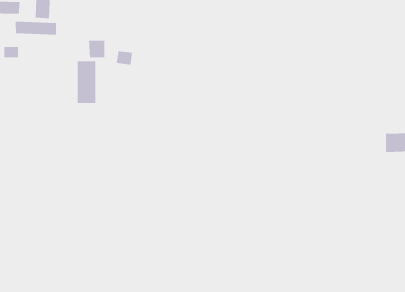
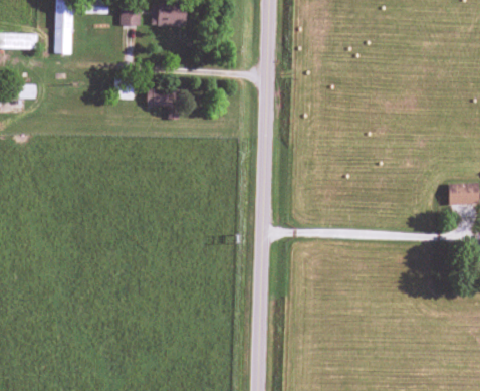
building: [15,21,57,35] -> none
building: [77,61,96,104] -> none

